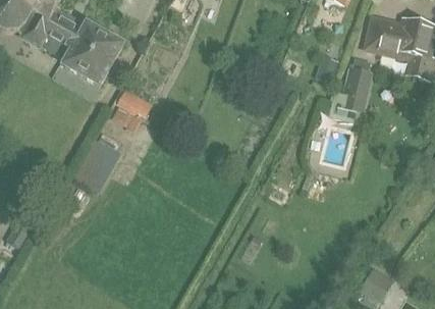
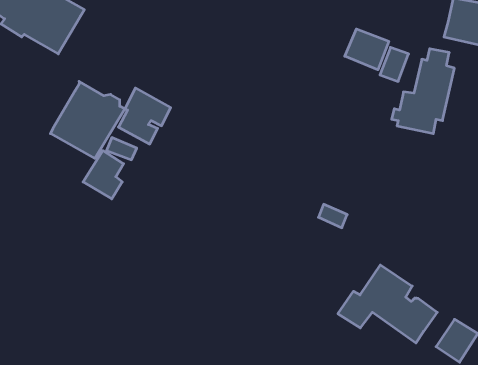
building: [63,22,121,83] -> [50,81,125,158]
building: none -> [345,29,389,70]
building: none -> [338,265,437,343]

